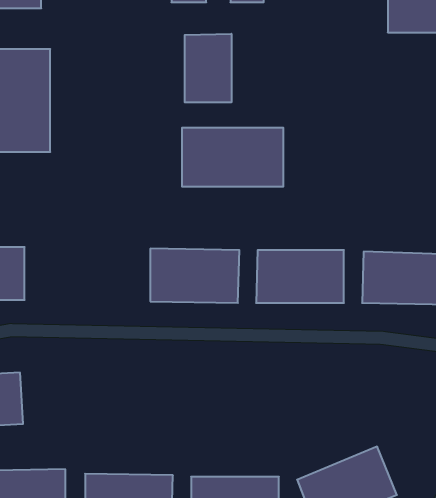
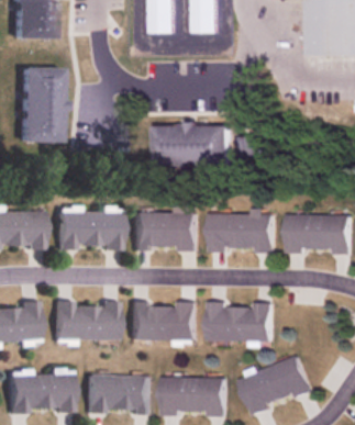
building: [185,34,231,102] -> none
building: none -> [56,211,119,249]
building: none -> [54,301,117,339]
building: none -> [131,302,195,339]
building: none -> [207,302,271,340]

